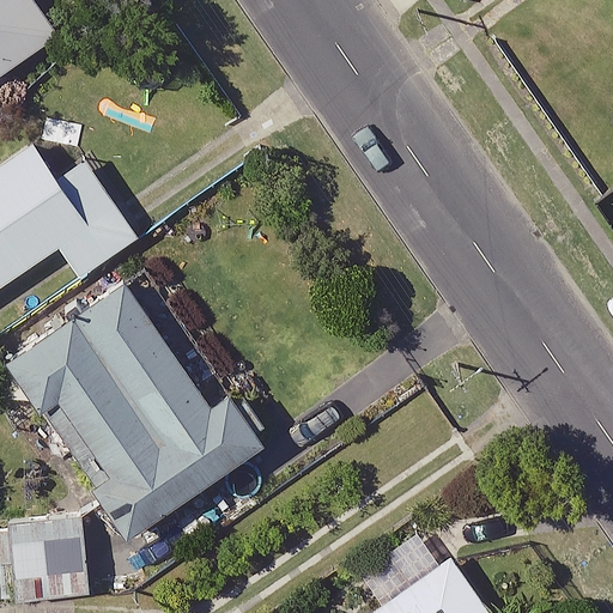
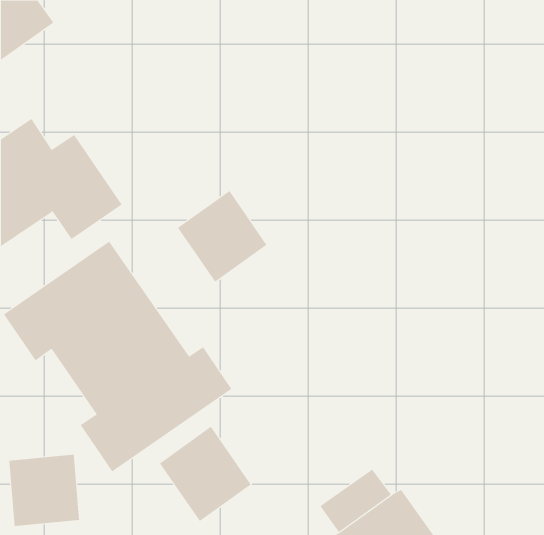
building: none -> [177,190,267,283]
building: none -> [159,426,252,522]

